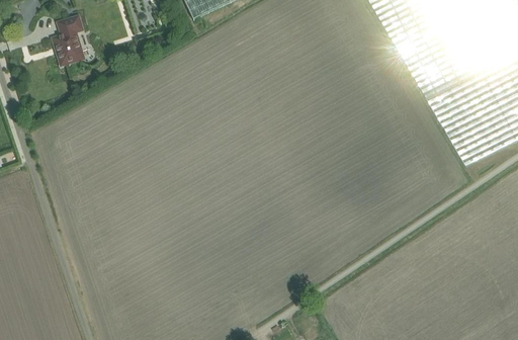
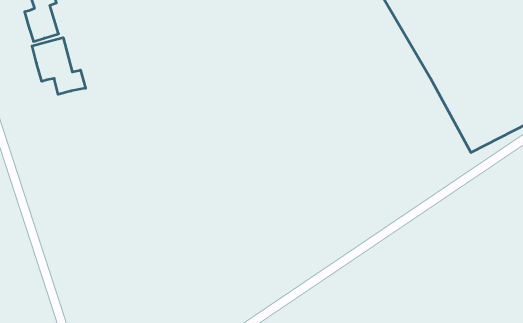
building: none -> [32,38,86,94]

